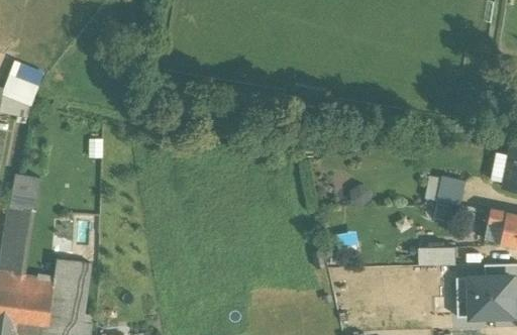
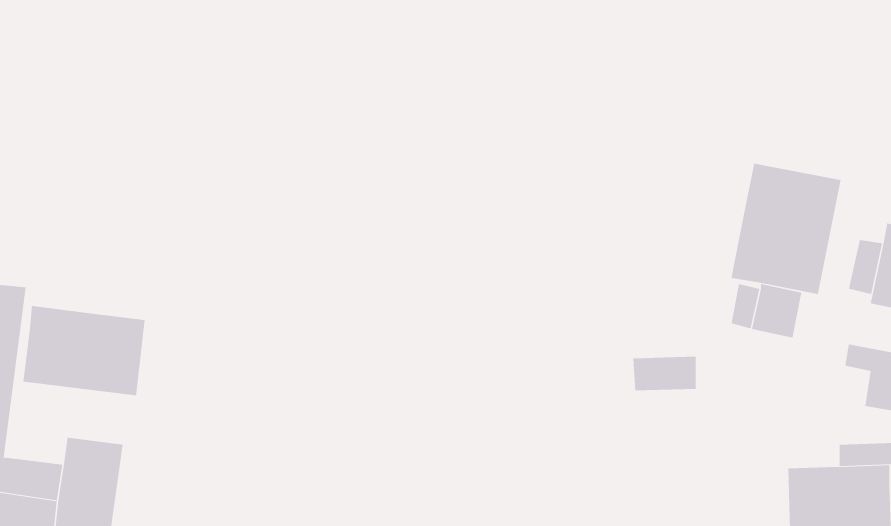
building: none -> [731,163,841,295]
building: none -> [23,305,145,396]
building: [418,247,453,266] -> [633,356,697,391]

